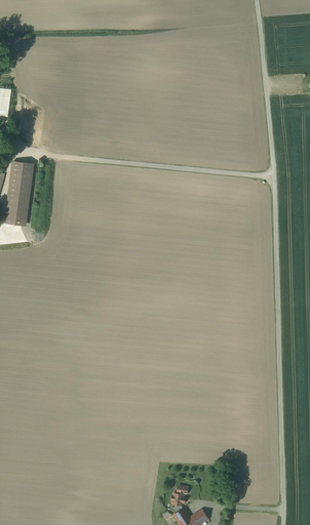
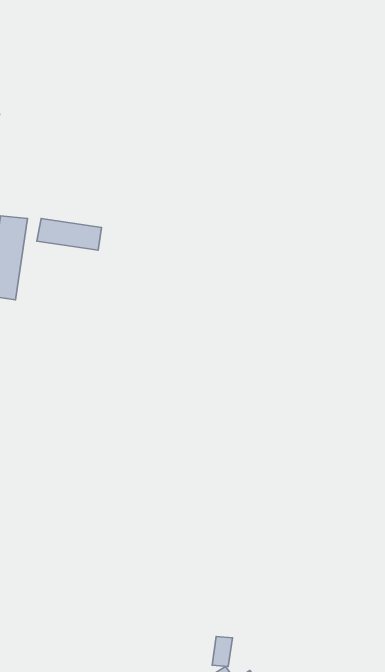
building: none -> [37,218,102,250]

